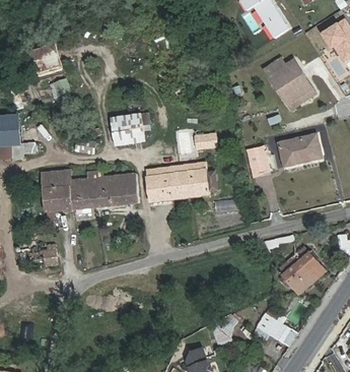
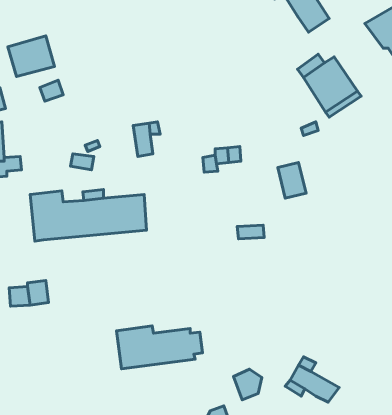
building: [113,117,132,145] -> none
building: [279,134,322,167] -> none
building: [146,167,217,202] -> [117,326,202,369]
building: [280,247,326,294] -> none

